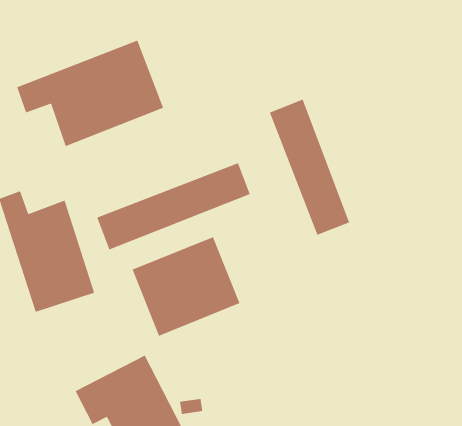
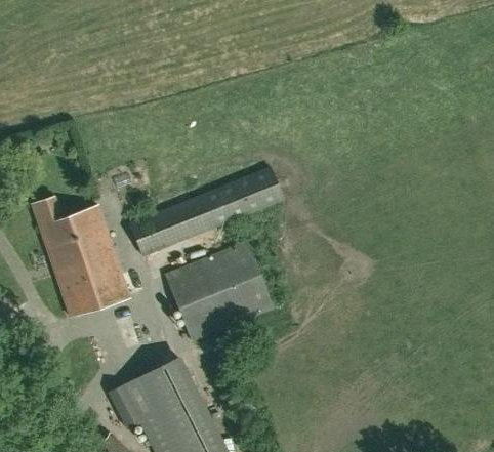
building: [16,40,164,147] -> none
building: [269,99,350,236] -> none

